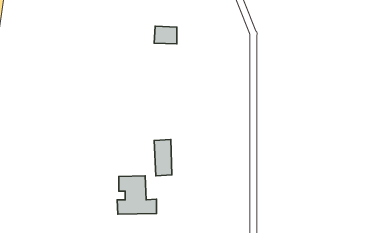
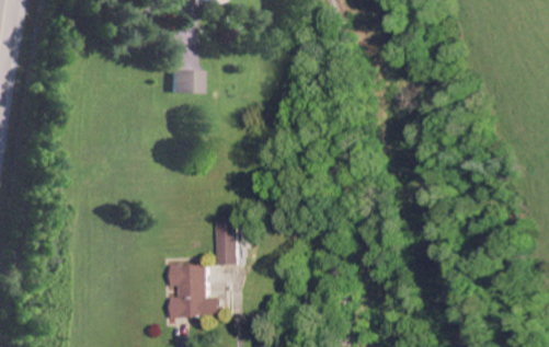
building: [154,26,177,44] -> [173,69,204,93]

